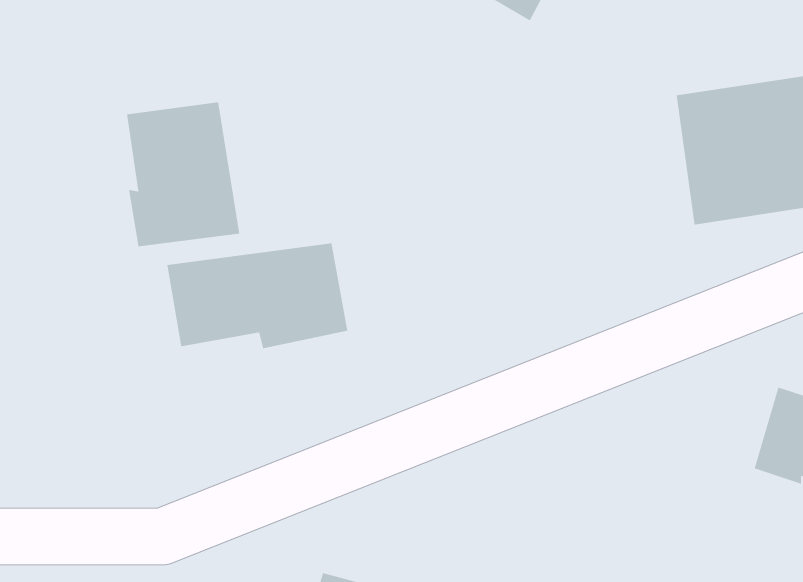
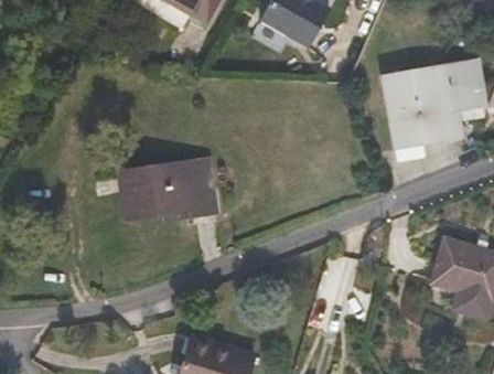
building: [127,102,240,247] -> none

